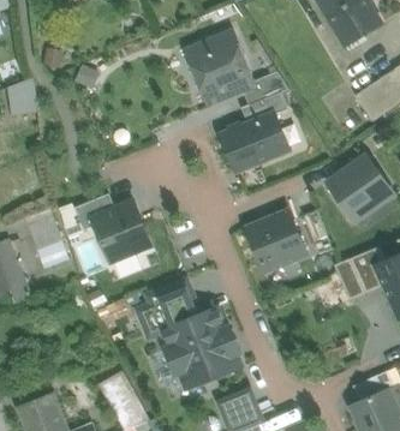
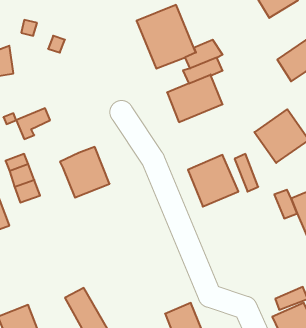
building: [73,194,114,232] -> [16,108,50,139]
building: [136,280,240,390] -> none

